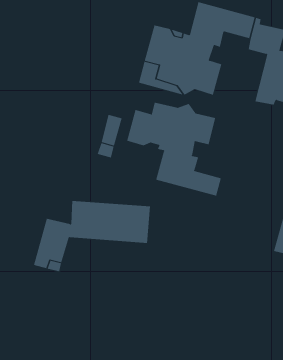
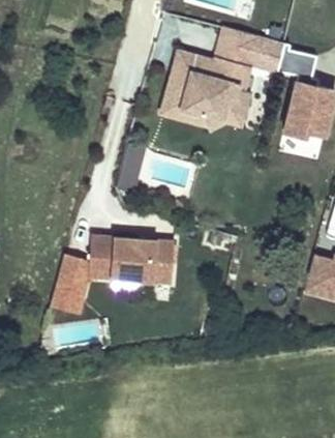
building: [126,102,222,197] -> none

